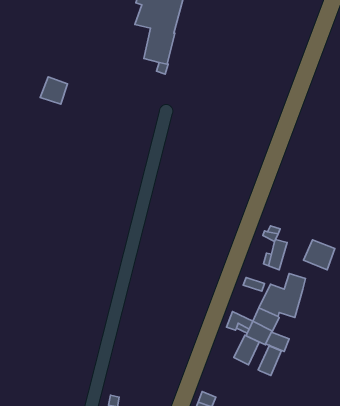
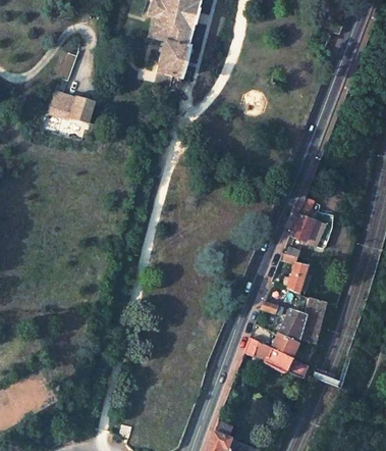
building: none -> [71,97,99,126]
building: [304,240,335,270] -> [291,213,324,245]
building: [234,335,259,365] -> none
building: [258,345,281,376] -> none

